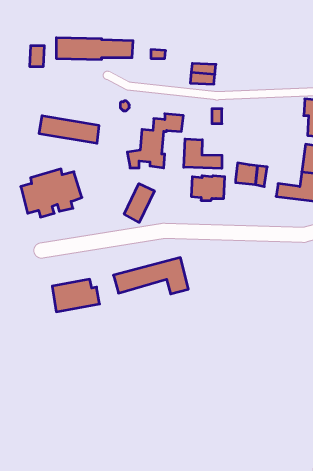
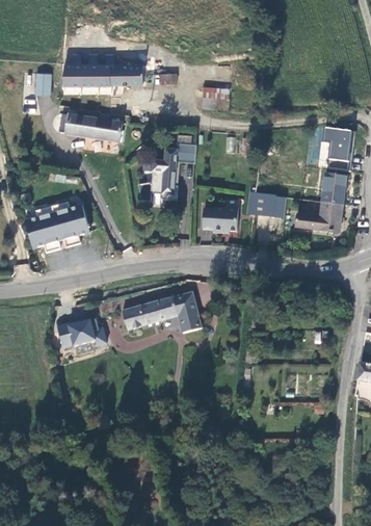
building: [39,116,99,143] -> [57,110,121,139]
building: [184,139,222,168] -> none
building: [124,184,154,222] -> none

